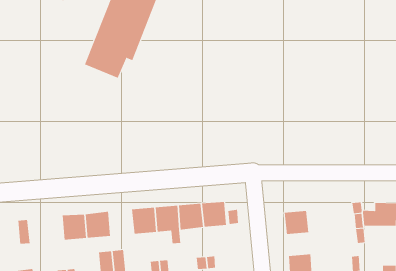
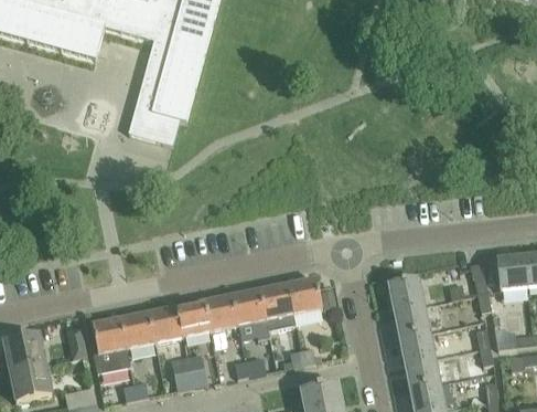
building: none -> [178,302,211,337]
building: none -> [93,318,130,373]
building: none -> [395,306,428,337]

